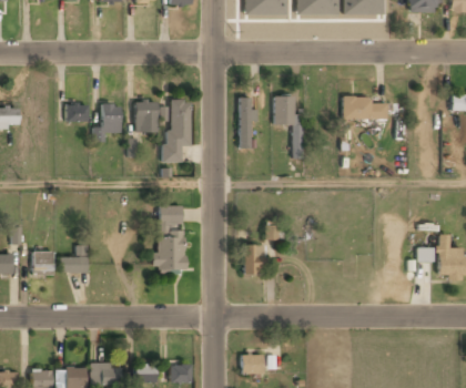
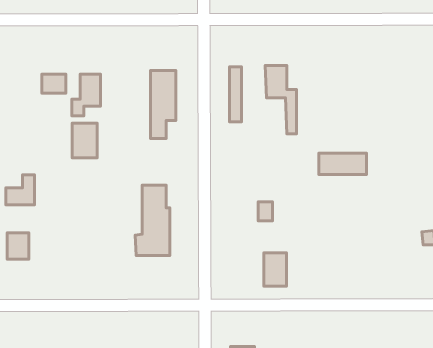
building: [343,100,387,120] -> [319,153,367,175]
building: [135,101,159,133] -> [72,123,97,158]
building: [244,243,265,274] -> [264,253,287,286]
building: [61,244,88,272] -> [6,175,34,205]

